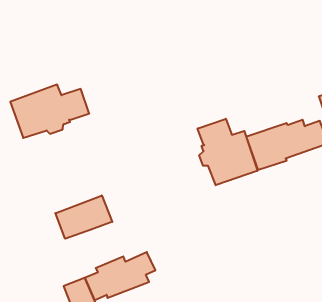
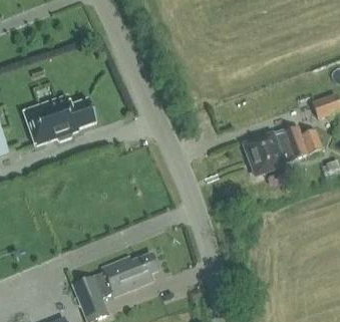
building: [198,119,257,185] -> none
building: [55,195,112,239] -> none

